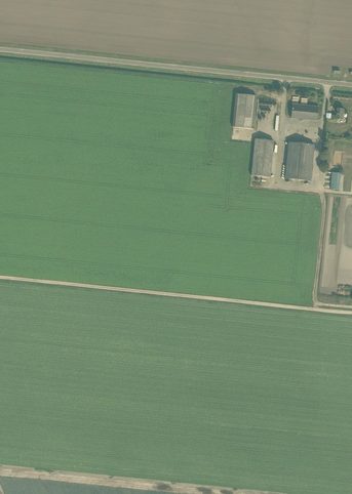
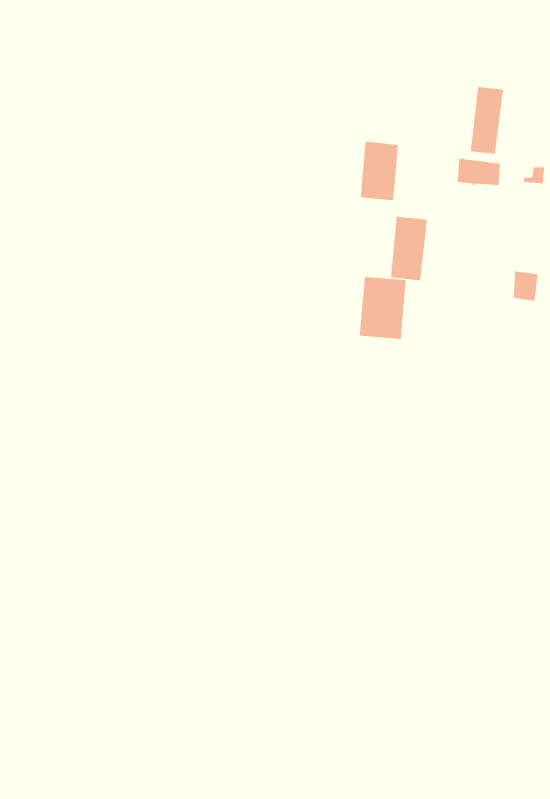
building: none -> [470,86,504,155]
building: [285,142,314,180] -> [359,276,407,339]

